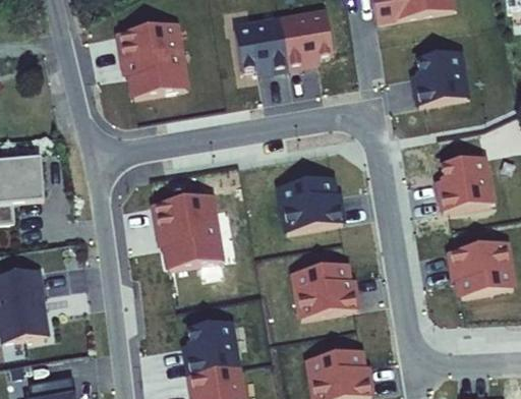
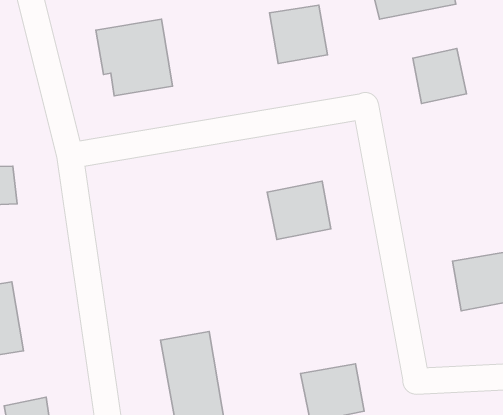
building: [234,14,288,70] -> none
building: [442,154,489,207] -> none
building: [151,190,225,265] -> none
building: [293,261,353,316] -> none

